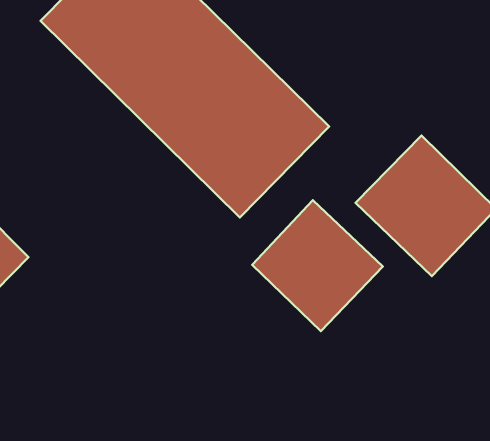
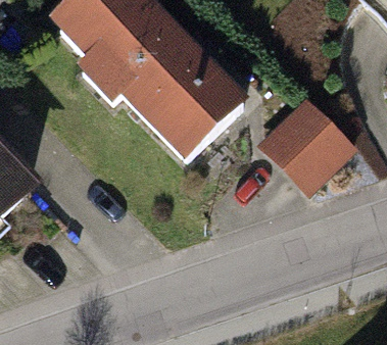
building: [252,200,383,331] -> none

